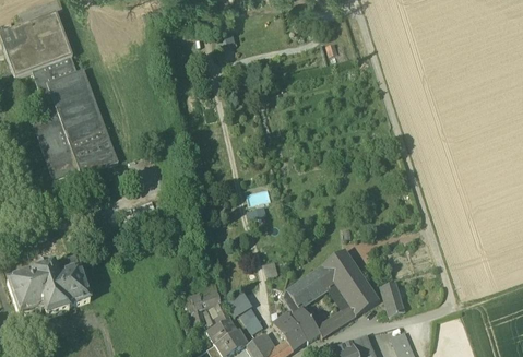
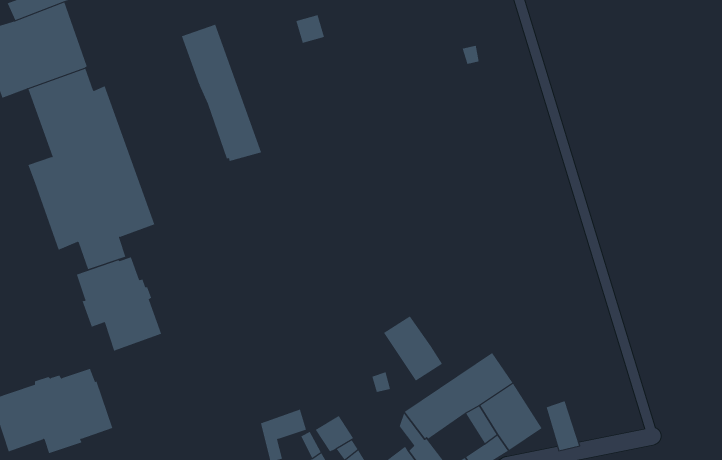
building: none -> [181,24,262,162]
building: none -> [76,256,162,352]
building: none -> [383,315,443,381]

